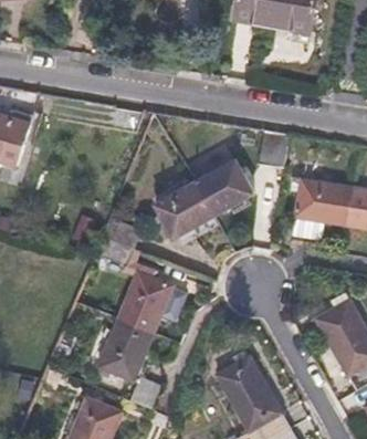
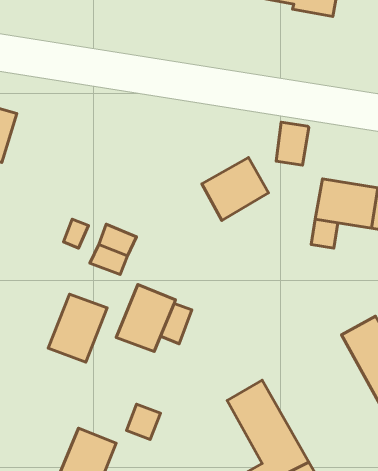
building: [156,184,212,237] -> none
building: [101,318,153,378] -> [48,294,107,362]

